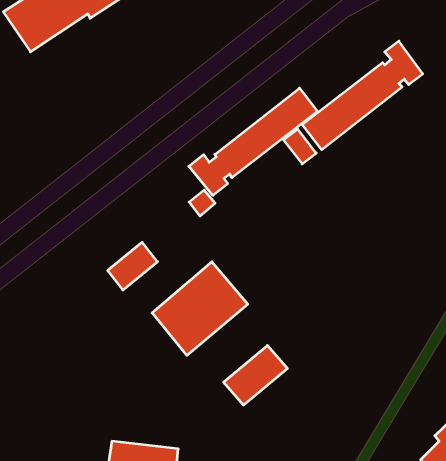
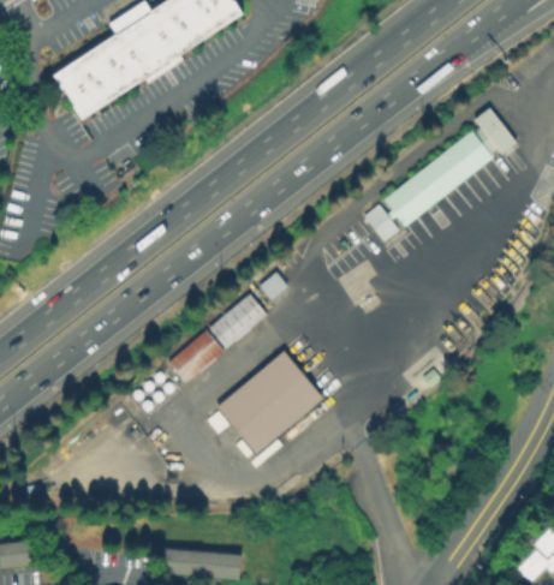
building: [189,88,318,195] -> none
building: none -> [207,293,266,348]
building: [224,345,287,405] -> none

